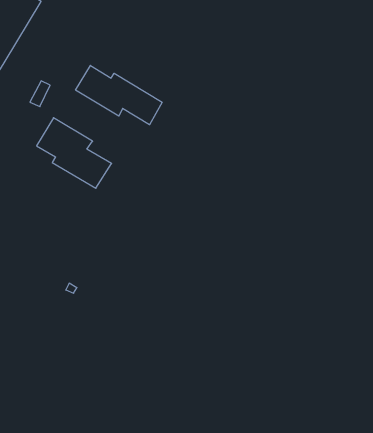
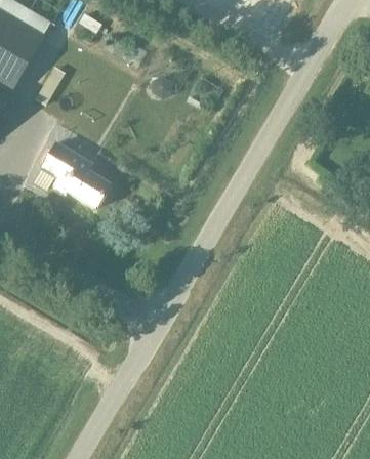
building: [76,65,162,125] -> none

